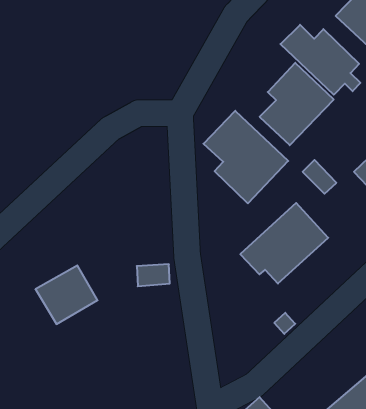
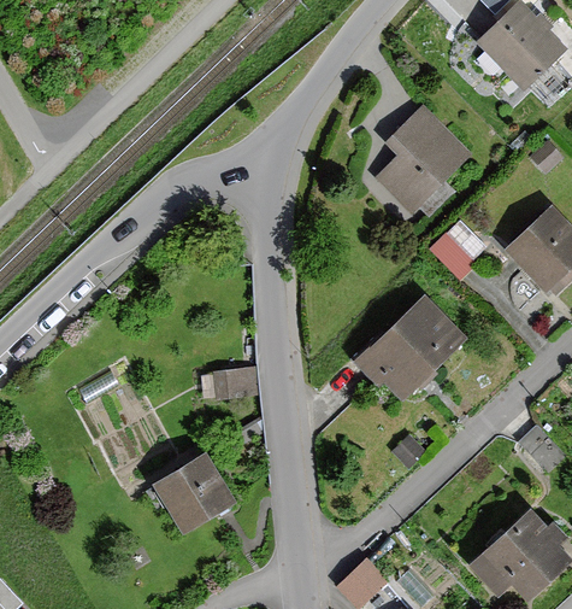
building: [280,25,360,95] -> none
building: [203,111,288,203] -> none
building: [35,265,98,324] -> [151,452,232,529]

